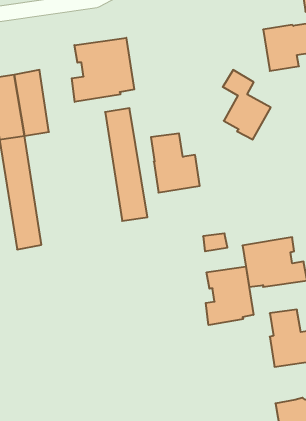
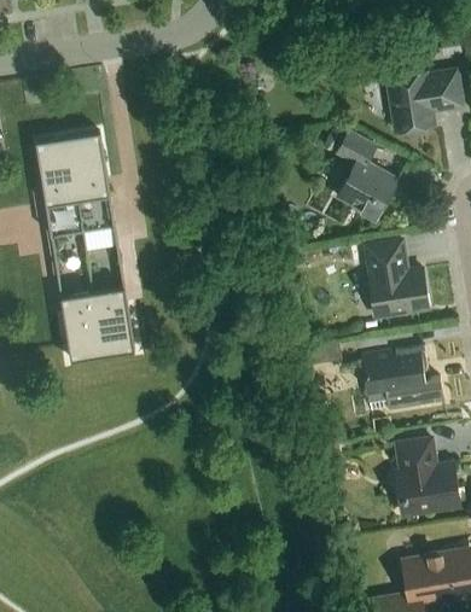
building: [72,38,134,102] -> none
building: [105,108,147,221] -> [80,210,134,355]
building: [151,133,200,193] -> [365,240,428,316]
building: [206,267,253,325] -> none

